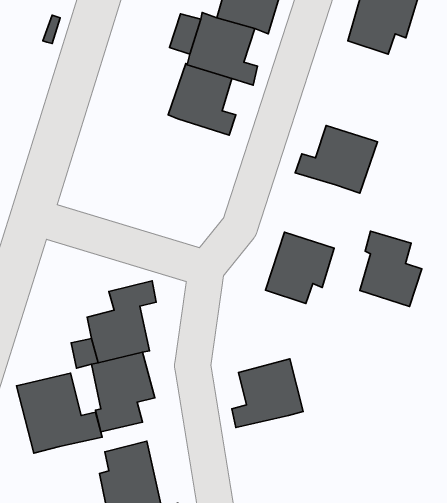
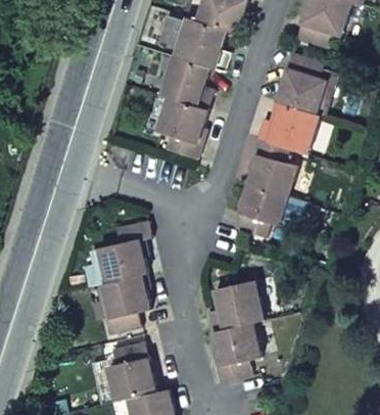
building: none -> [276,53,326,114]
building: none -> [157,98,206,160]
building: [360,231,422,307] -> [248,139,295,196]
building: [16,373,102,453] -> none
building: none -> [211,323,259,383]

